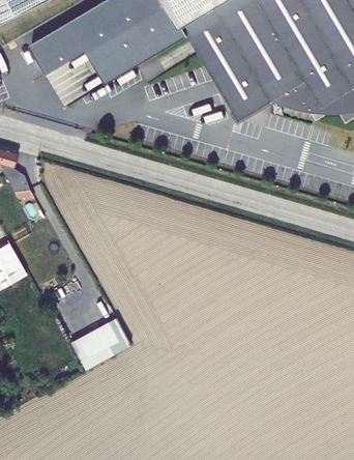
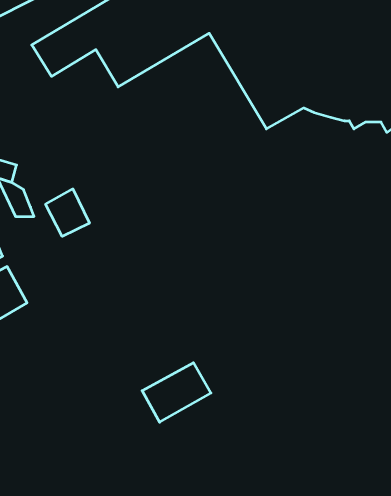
building: none -> [46,189,89,236]
building: [70,316,131,369] -> [142,363,211,422]

